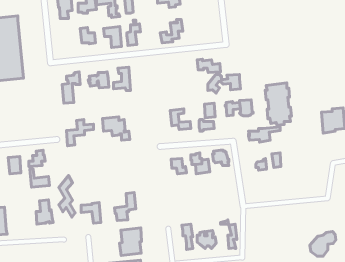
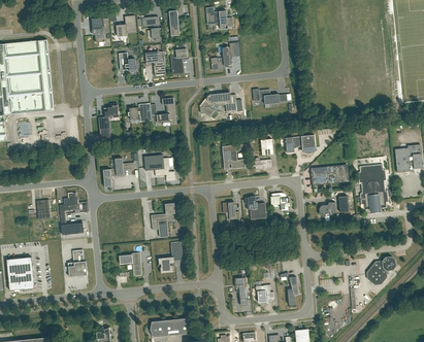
building: [208,74,240,93] -> [199,95,236,116]
building: [265,83,291,125] -> [357,164,387,212]
building: none -> [150,203,178,237]
building: [59,176,75,217] -> none
building: [120,228,142,255] -> none
building: [310,232,336,256] -> [365,256,395,284]

